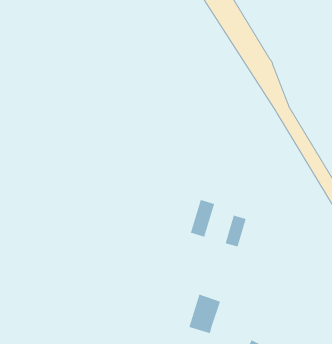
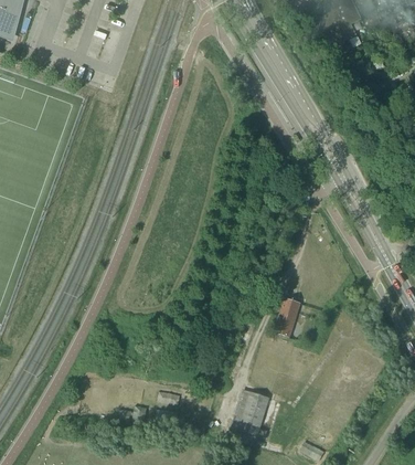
building: [190,199,215,238] -> none

